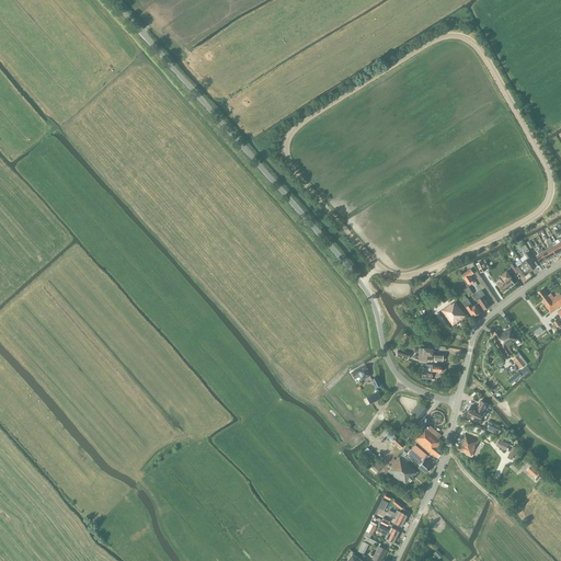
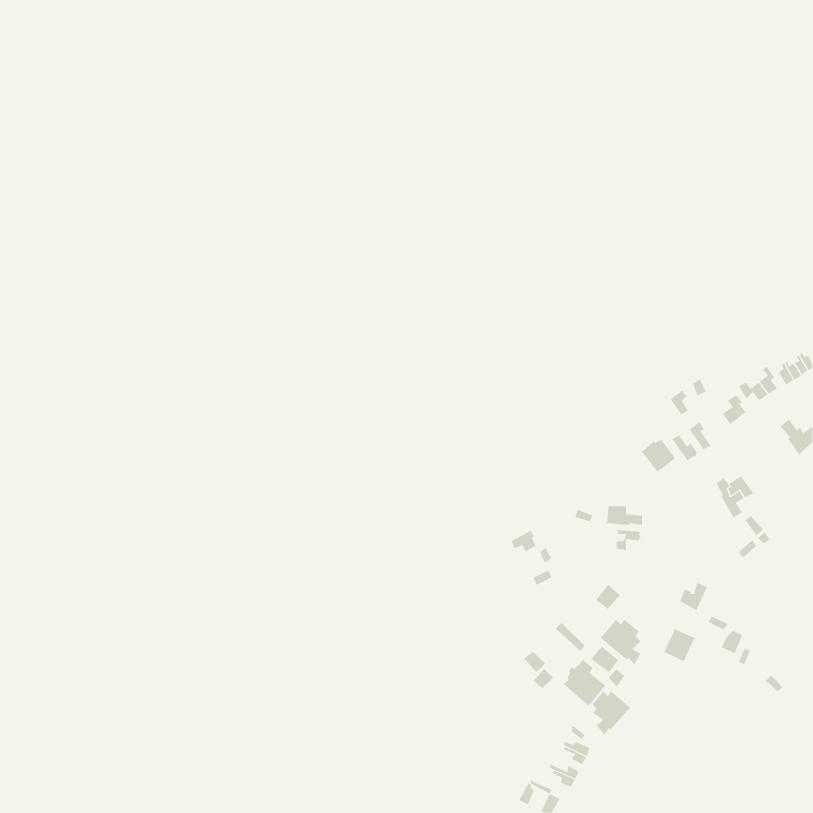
building: none -> [592,690,631,735]

